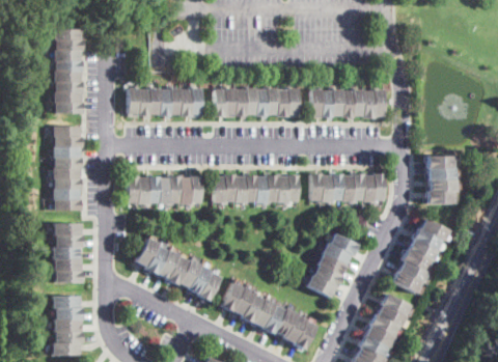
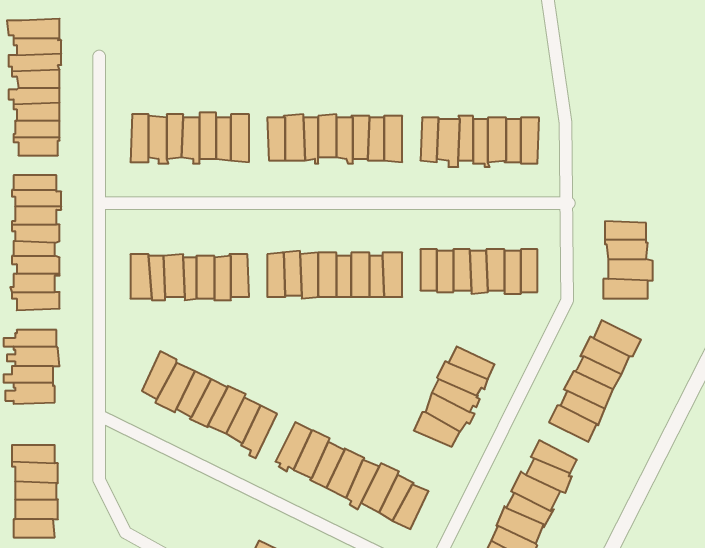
building: [51,269,84,283] -> none

